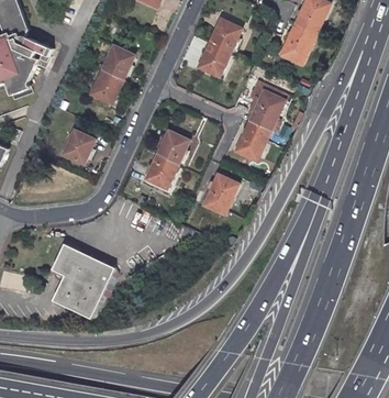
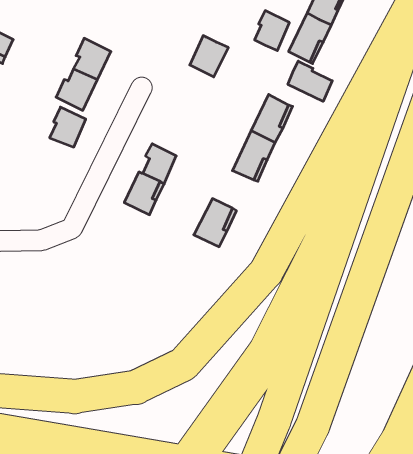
building: [210,21,238,54] -> [255,11,289,51]
building: none -> [288,61,332,101]
building: [62,131,91,164] -> [50,107,86,147]
building: [54,244,119,320] -> none

